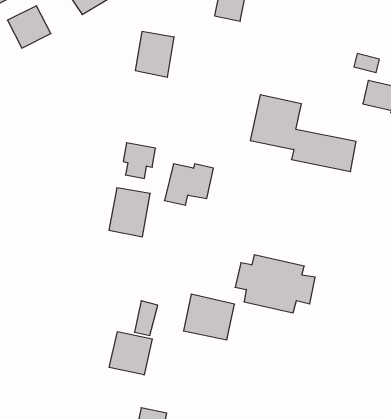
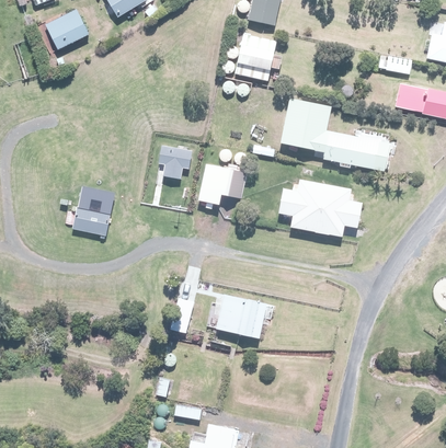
building: [135,32,174,77] -> [237,35,275,80]
building: [109,188,150,237] -> [73,186,114,234]
building: [235,255,315,313] -> [282,183,361,240]
building: [109,332,152,375] -> none

